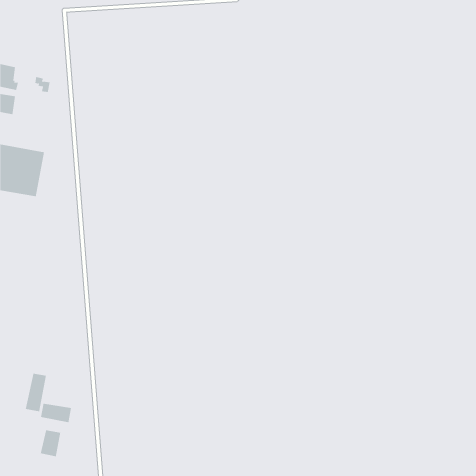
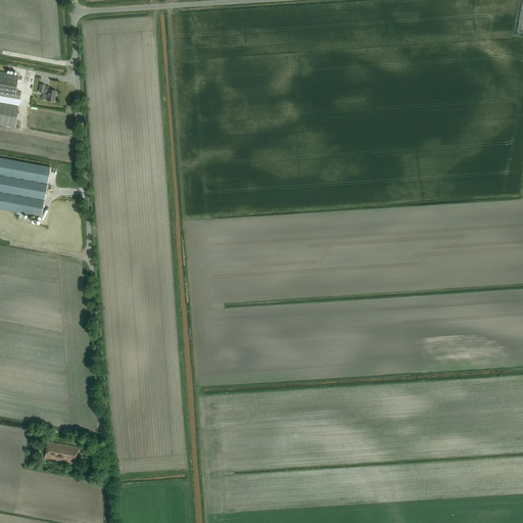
building: [25,373,47,412] -> none
building: [40,429,61,457] -> none

